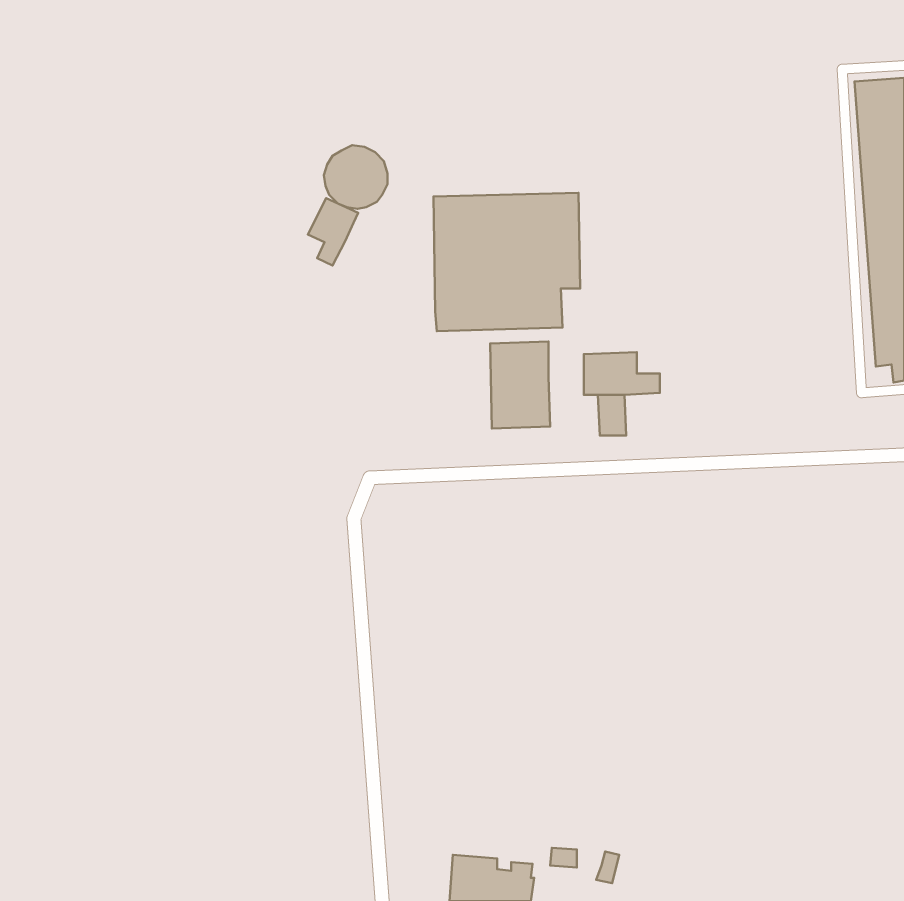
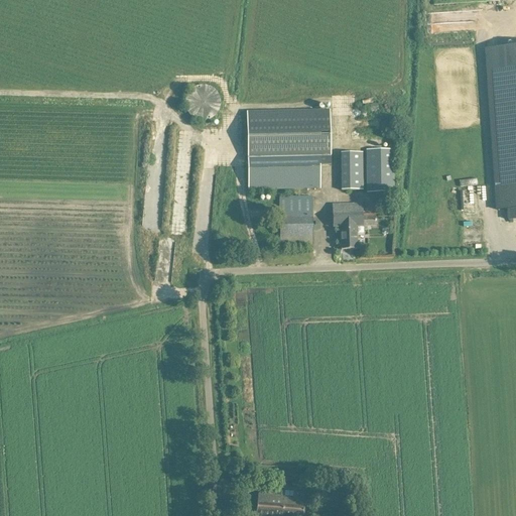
building: [308,198,358,265] -> none
building: none -> [367,147,395,190]
building: none -> [341,150,363,189]

